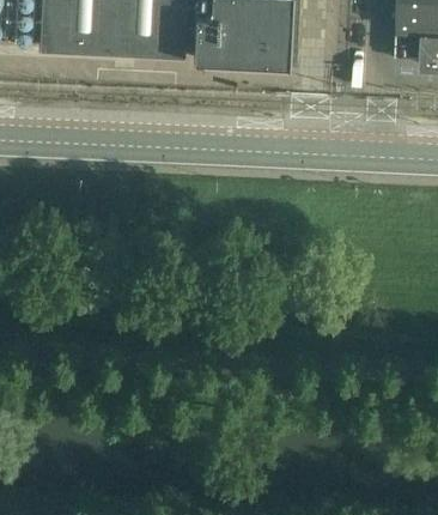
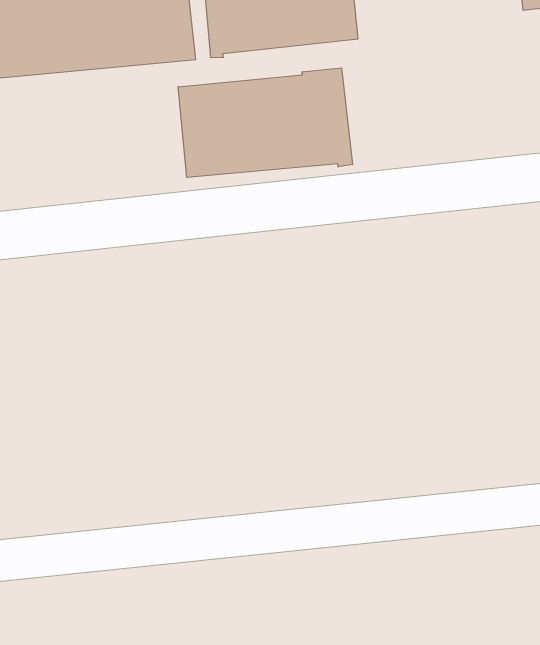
building: none -> [178,68,353,177]

